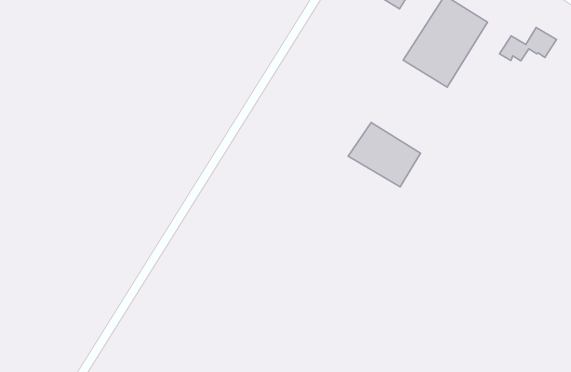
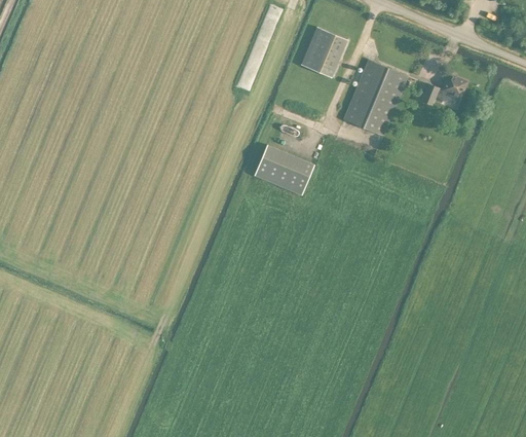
building: [348,123,420,187] -> [255,146,314,195]

